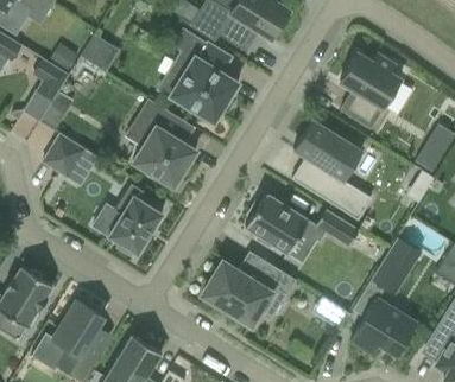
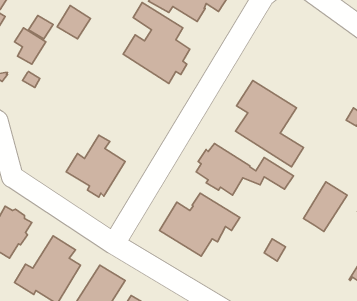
building: [340,53,399,128] -> none
building: [126,100,196,187] -> none
building: [43,134,84,177] -> none
building: [350,298,417,356] -> none

